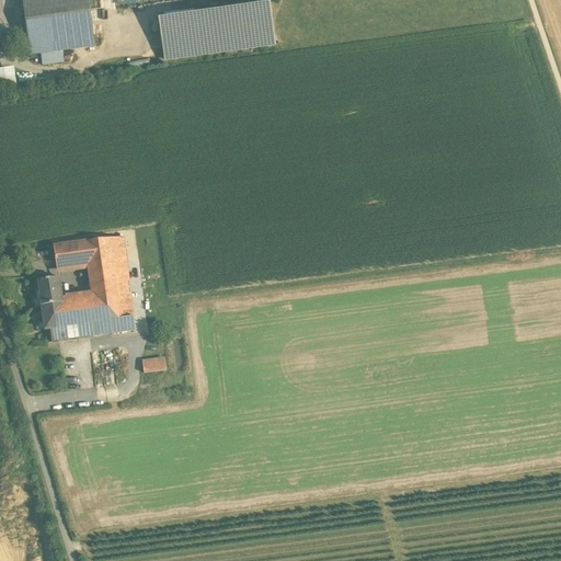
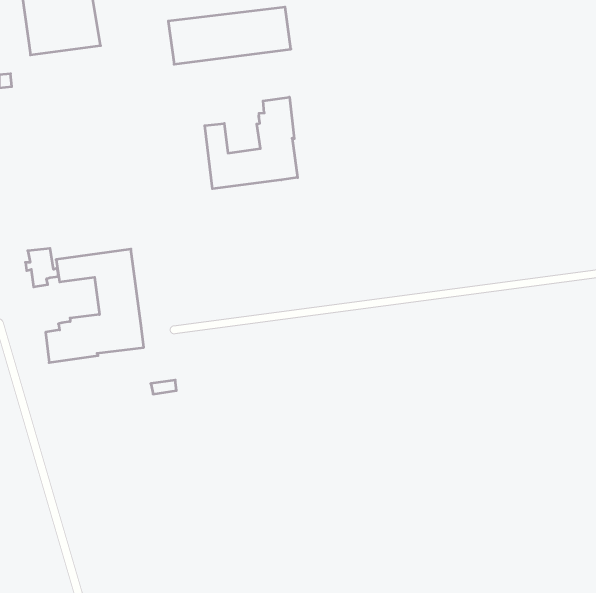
building: none -> [205,97,298,189]
building: [35,275,66,311] -> [25,248,58,287]

